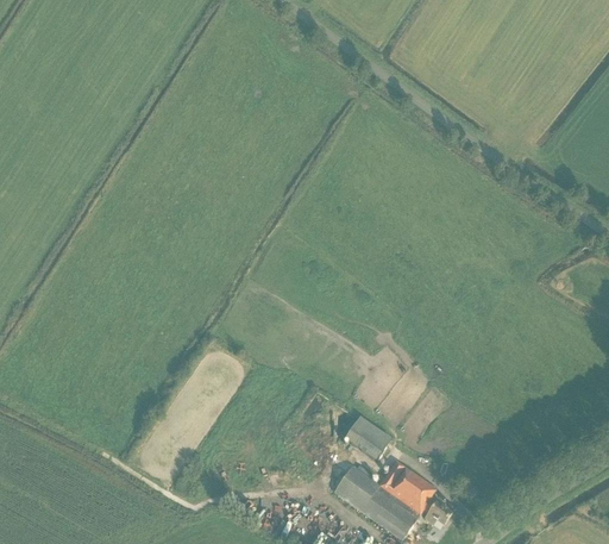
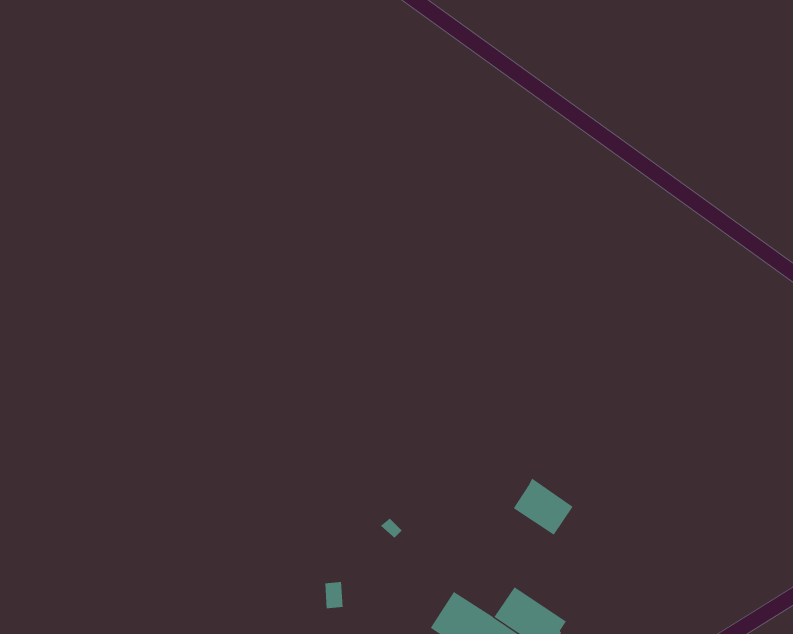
building: [345,415,390,458] -> [513,478,573,535]

